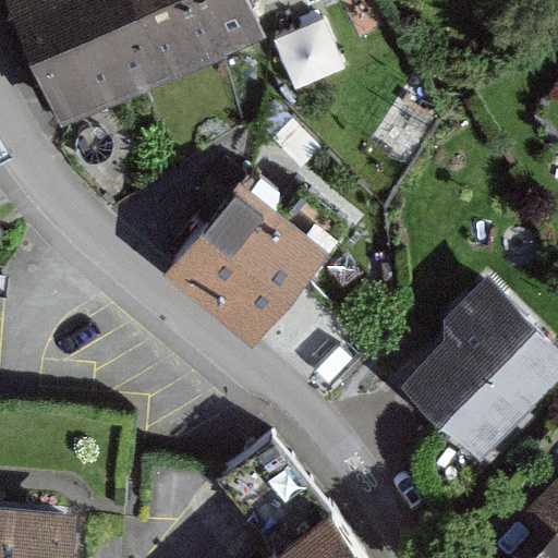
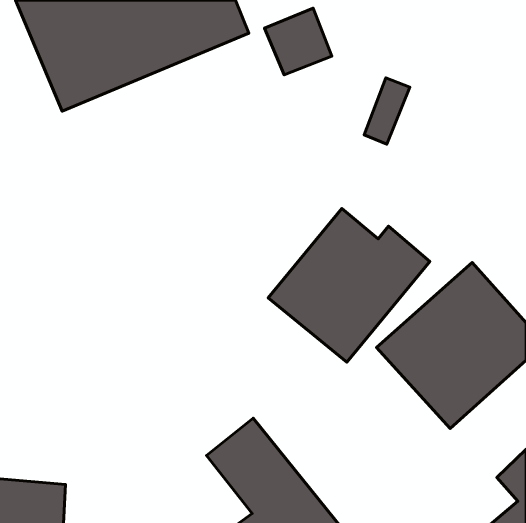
building: [172,174,342,336] -> [268,209,430,362]

